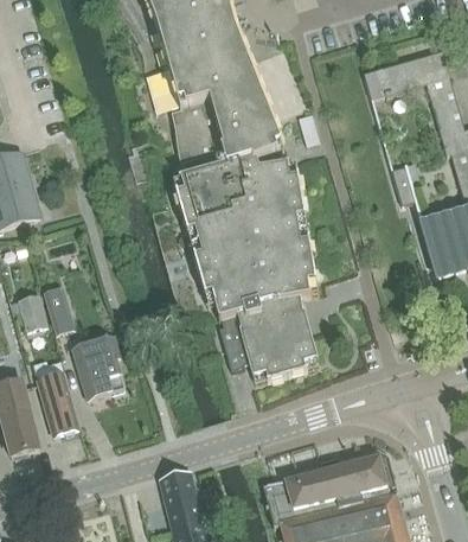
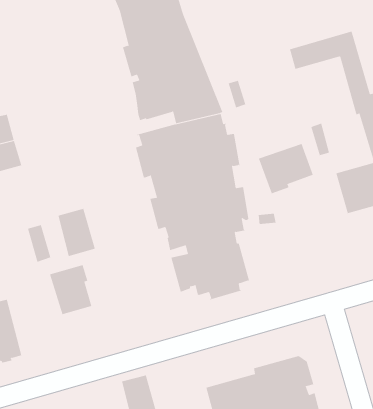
building: none -> [258,143,314,194]
building: none -> [58,207,96,257]
building: [17,293,46,331] -> none
building: [37,371,78,433] -> none

